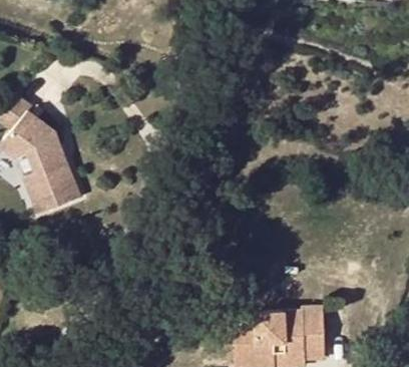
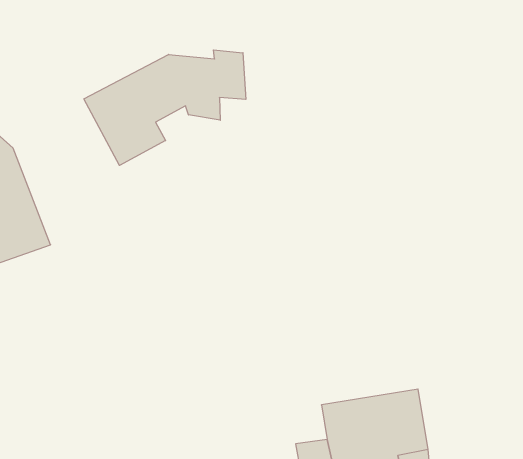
building: none -> [84,50,246,165]

